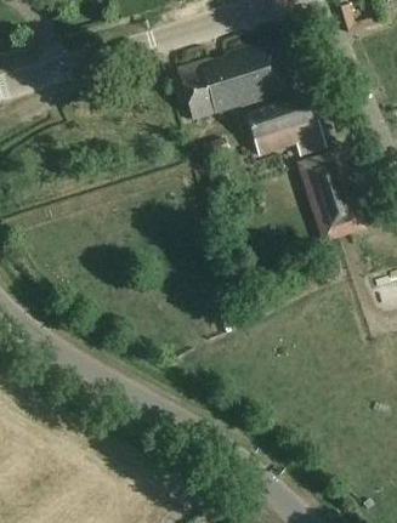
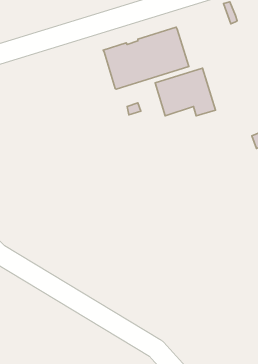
building: [295,149,364,241] -> none

